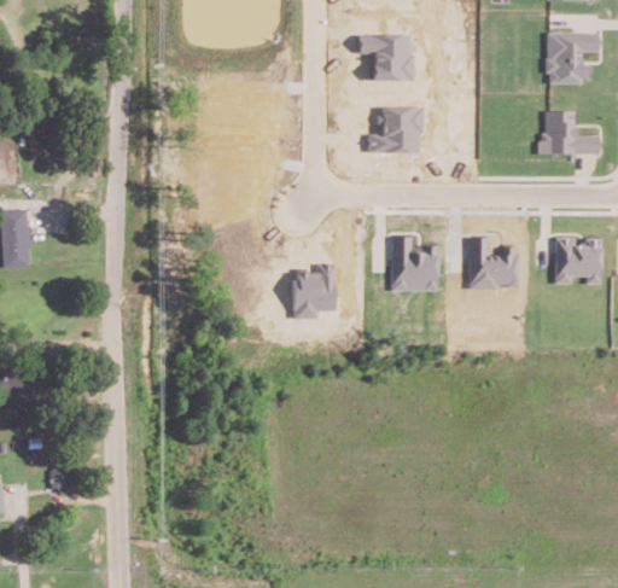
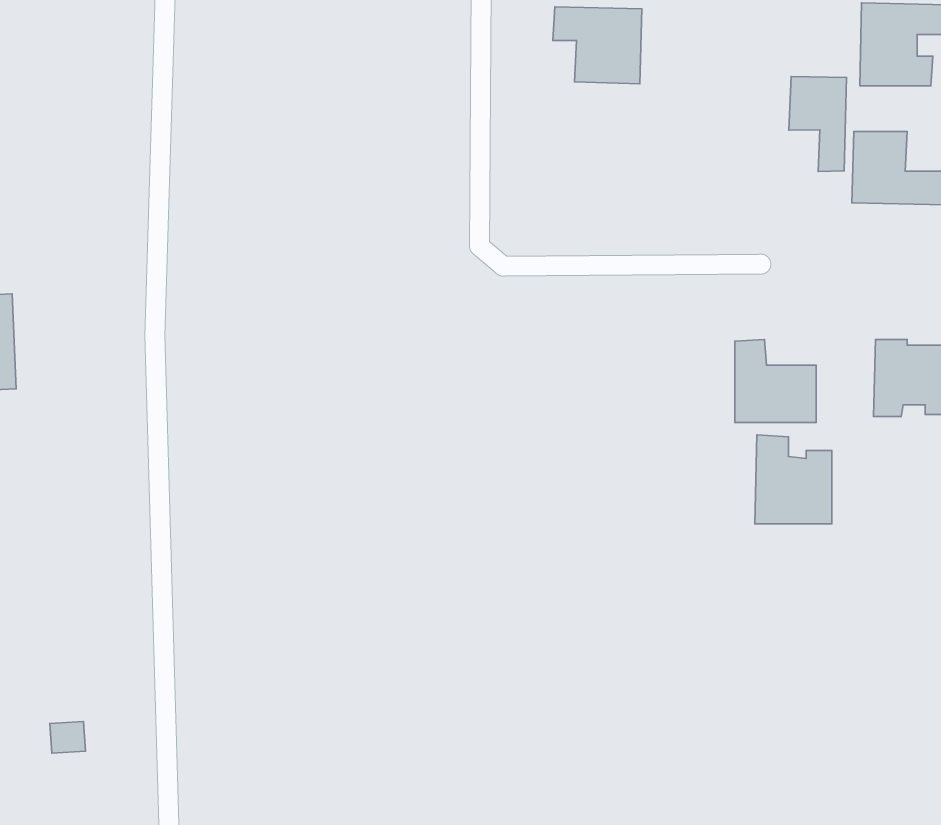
building: none -> [789,77,846,171]
building: [368,106,420,153] -> none
building: [390,235,437,290] -> [755,435,832,524]
building: [292,263,336,319] -> none

